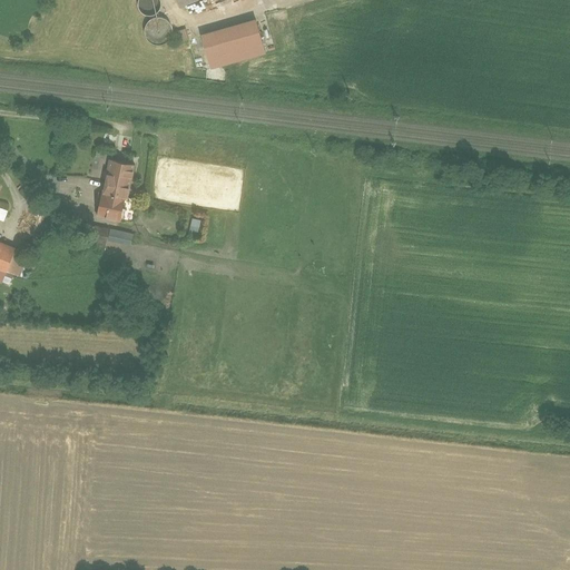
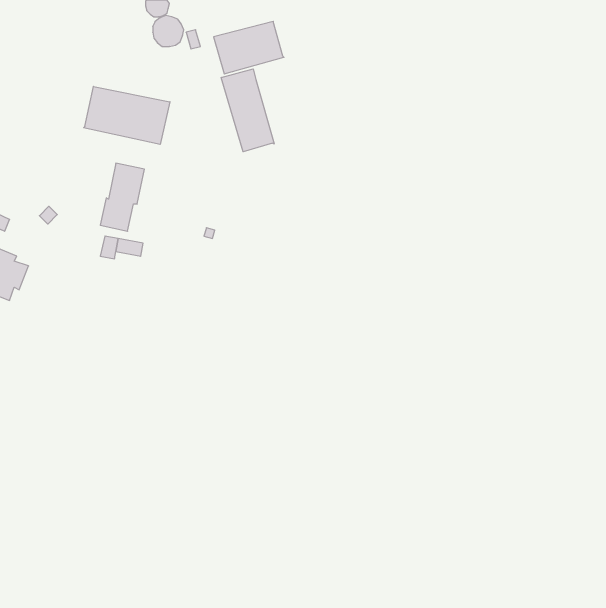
building: none -> [221,69,274,152]
building: none -> [84,86,170,144]

